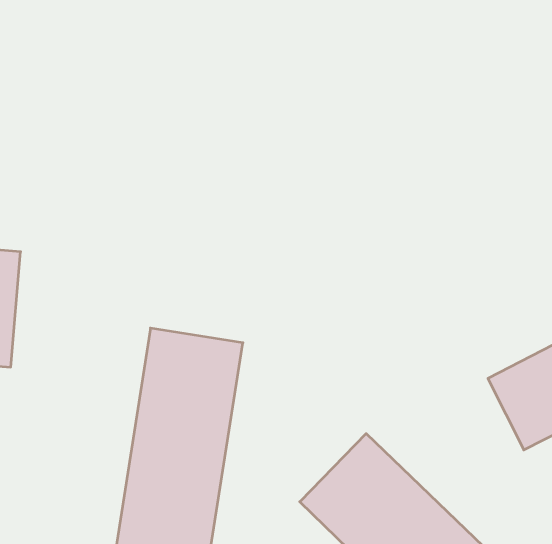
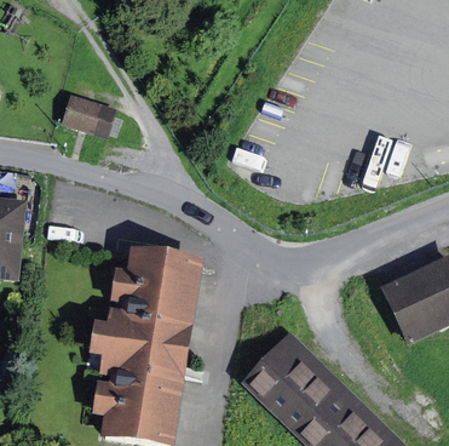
building: none -> [57,95,109,136]

